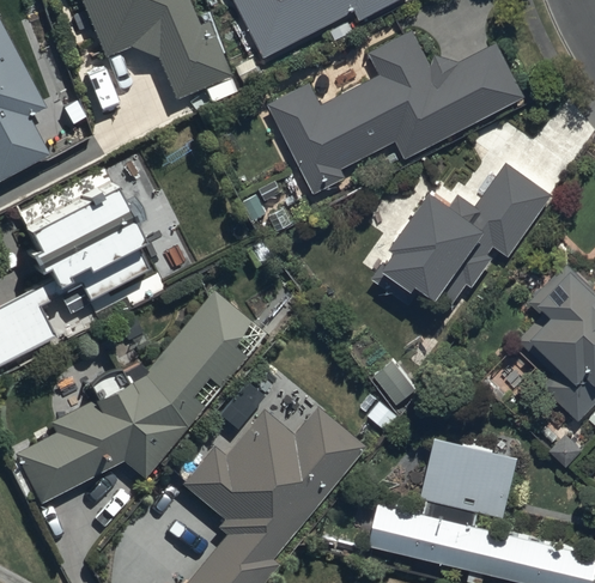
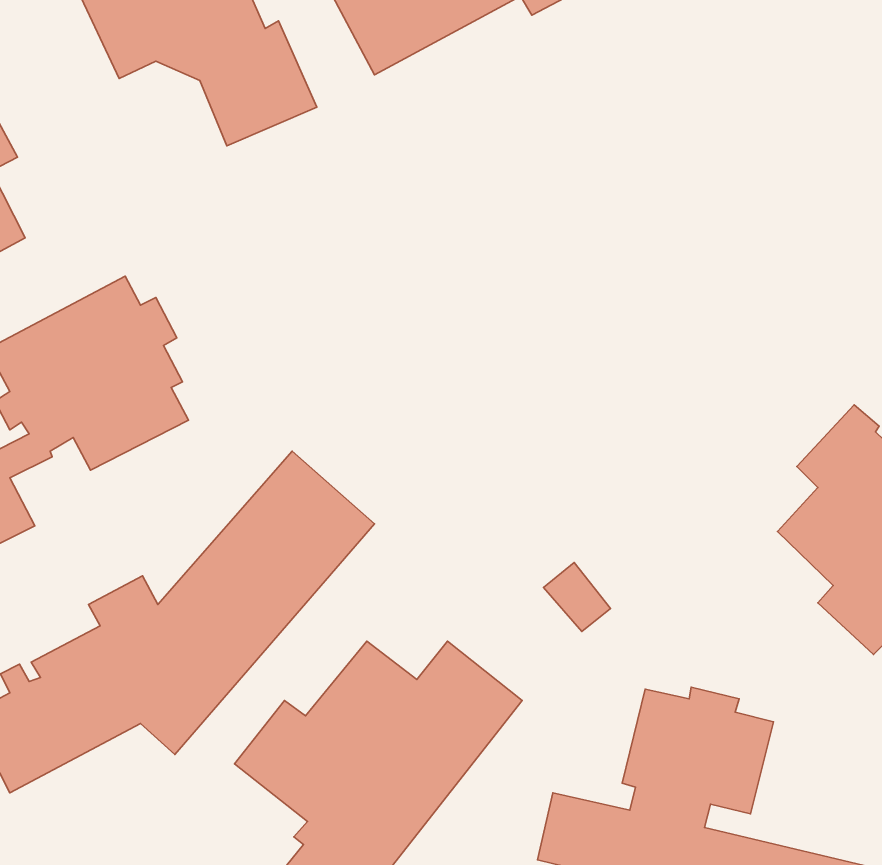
building: [269,30,524,195] -> none
building: [374,163,552,304] -> none

